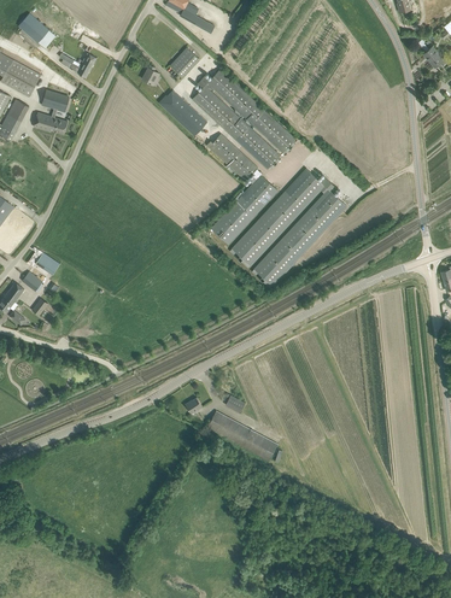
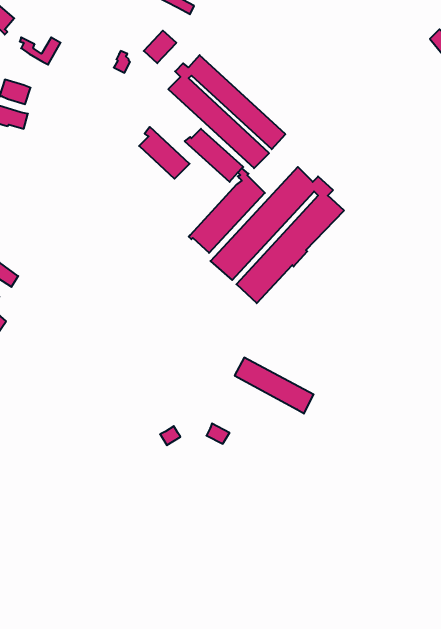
building: [162,89,206,135] -> [139,127,190,179]
building: [206,411,276,461] -> [235,358,314,414]

